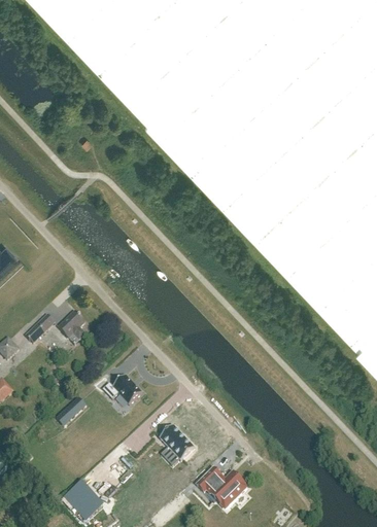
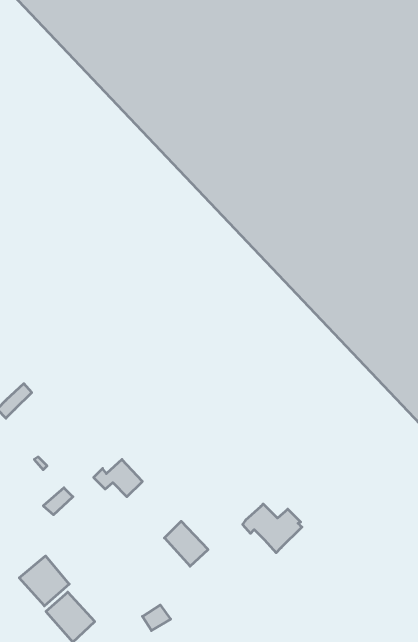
building: [57,310,84,345] -> none
building: none -> [19,556,69,606]
building: [197,468,244,507] -> [243,504,302,553]

